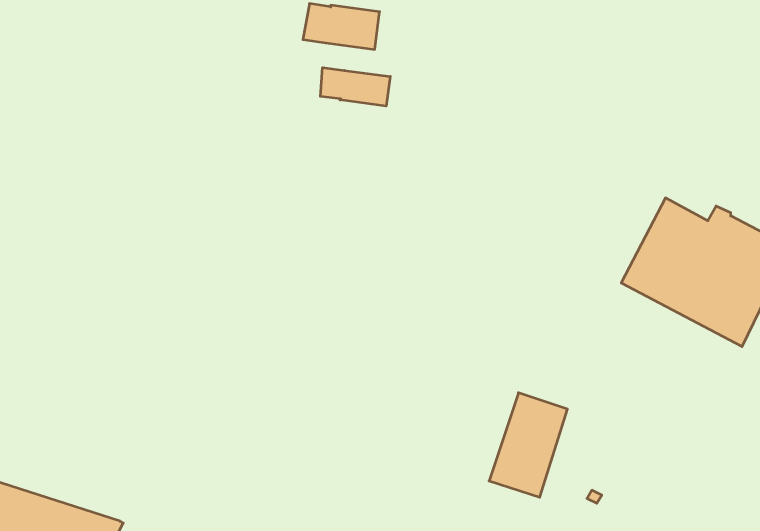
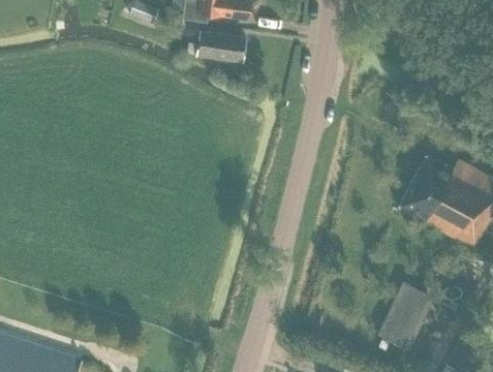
building: [320,68,390,106] -> none
building: [489,393,567,497] -> [384,276,434,342]

